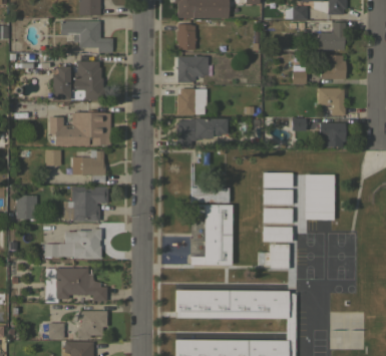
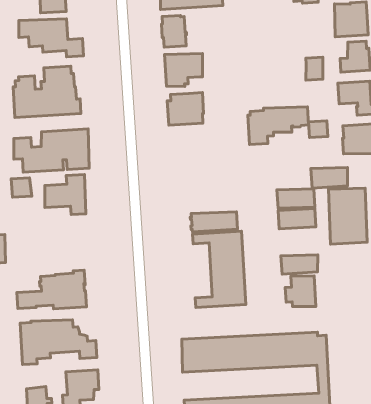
building: [177,117,227,146] -> [248,107,309,144]
building: [64,186,108,221] -> none
building: [263,207,293,223] -> [311,168,348,188]

